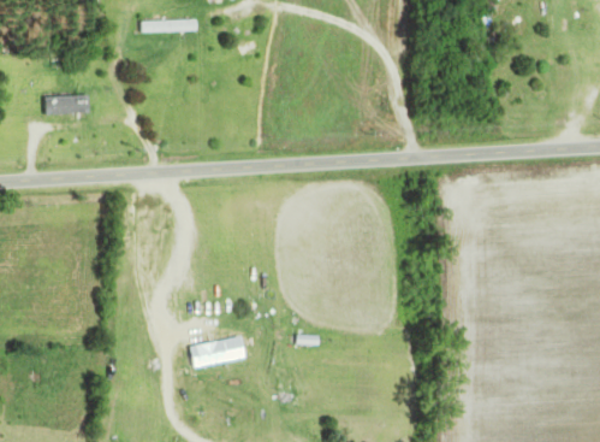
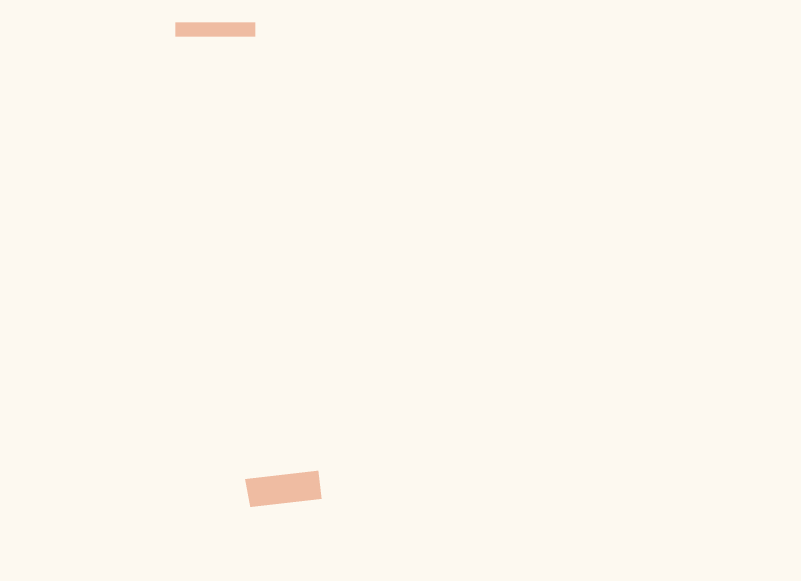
building: [44,95,90,114] -> none

